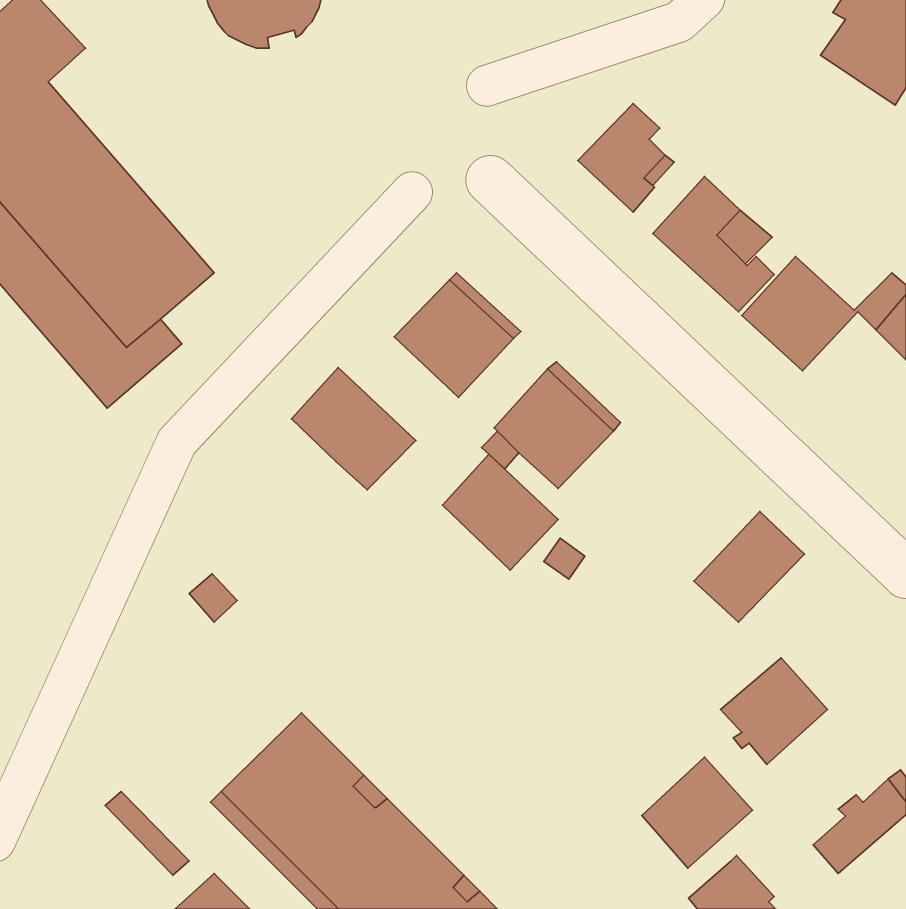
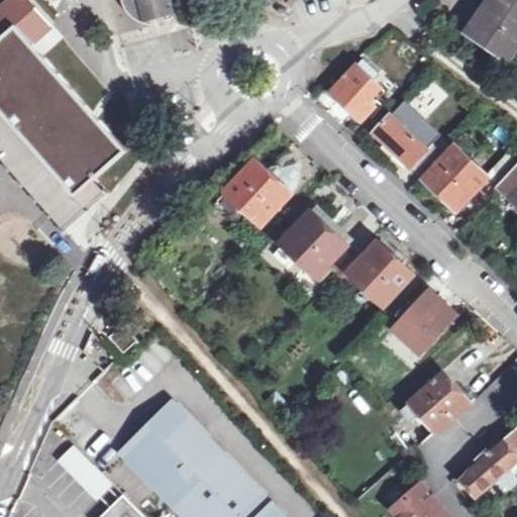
building: [292,368,416,490] -> none
building: none -> [348,241,413,305]
building: [443,454,558,570] -> none
building: [642,757,753,868] -> none

